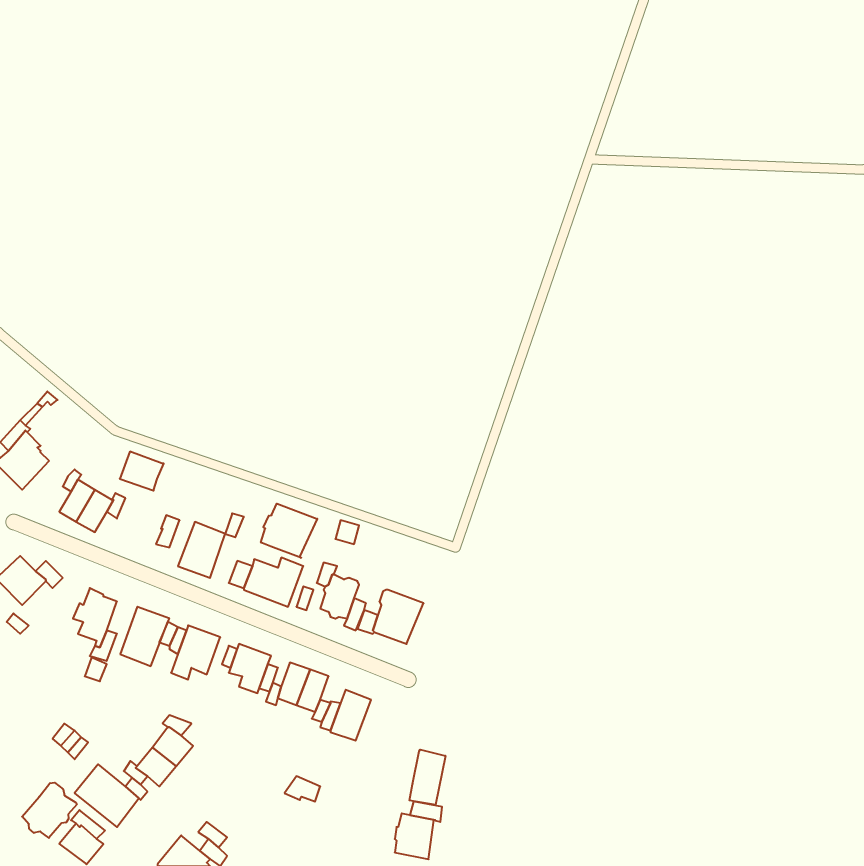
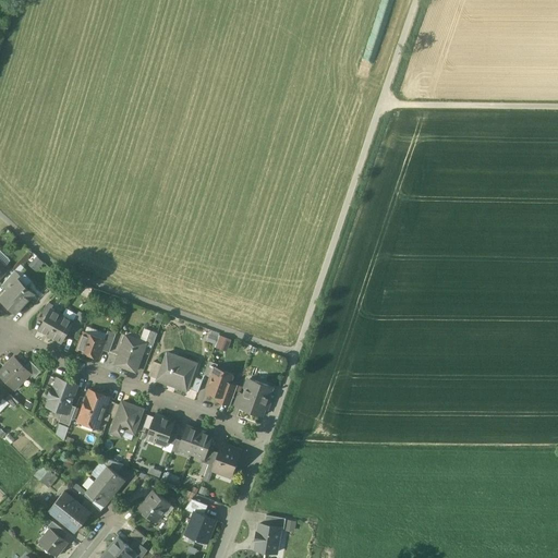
building: [120,452,164,491] -> [76,332,105,357]
building: [261,504,317,558] -> none
building: [409,750,445,805] -> none
building: none -> [137,490,169,522]
building: [22,783,77,838] -> none
building: none -> [185,512,215,543]

